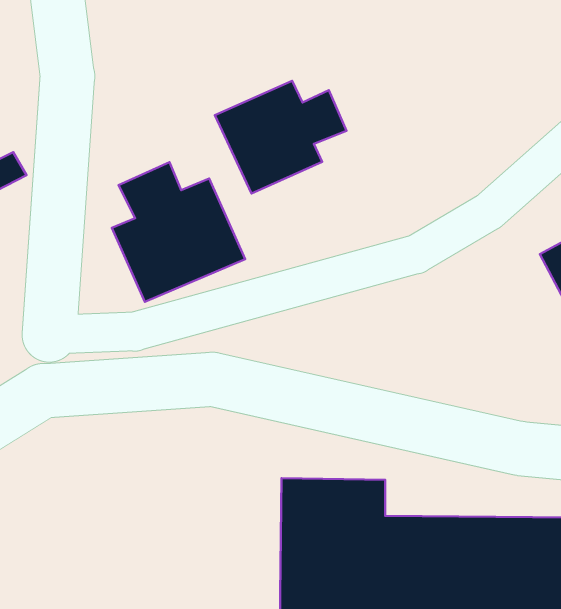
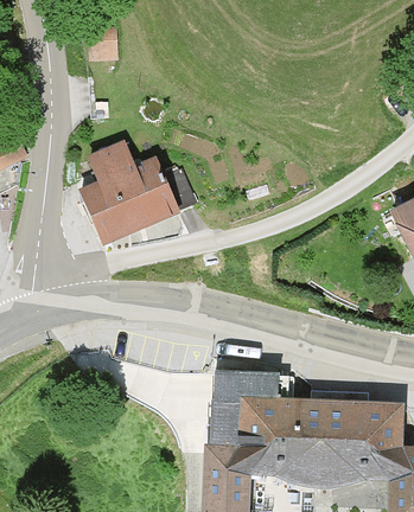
building: [215,81,347,193] -> none

